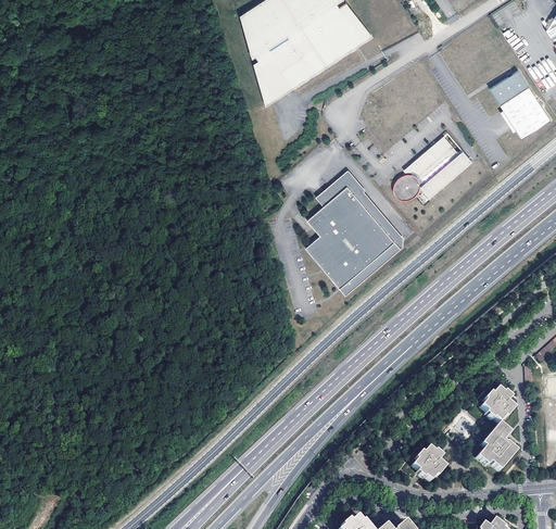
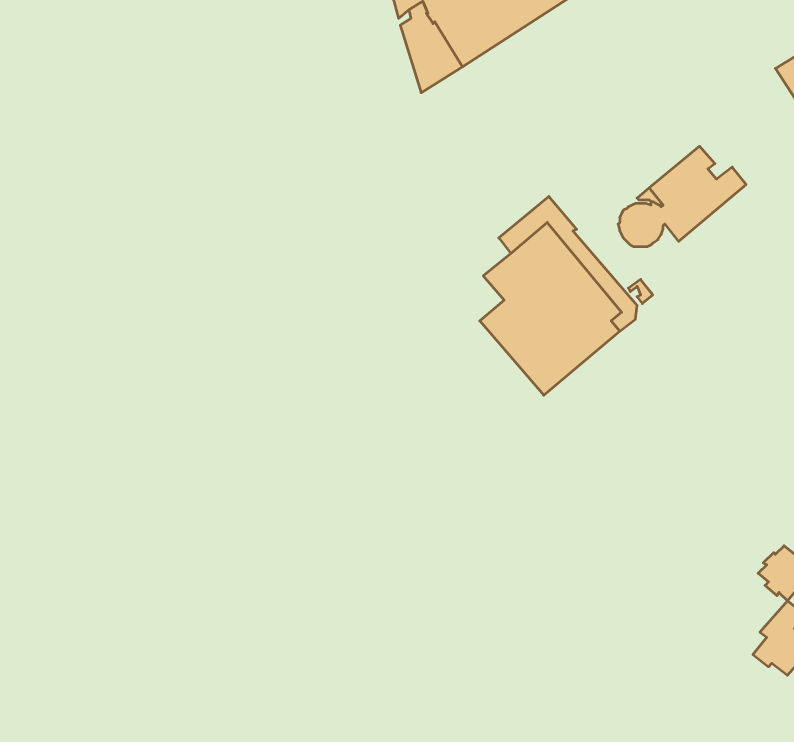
building: [413,445,445,480] -> none

